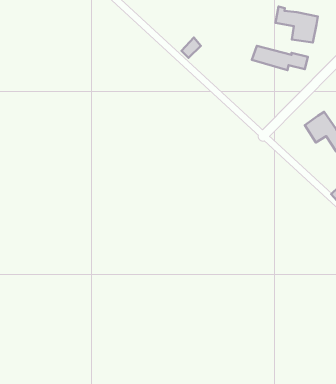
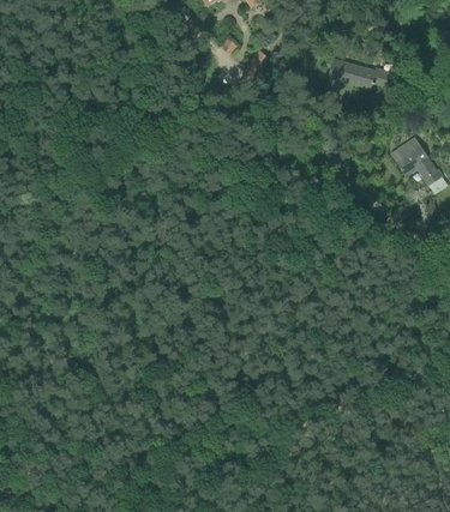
building: [275,7,318,43] -> none

